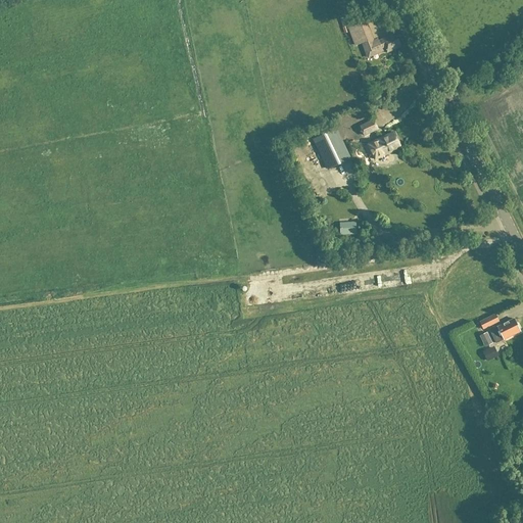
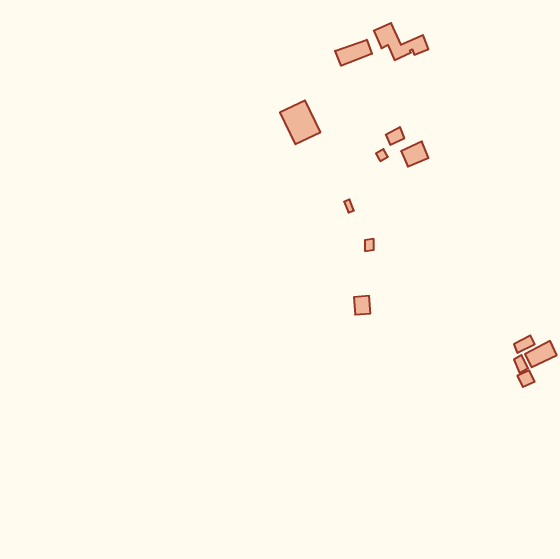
building: none -> [335,40,372,66]
building: [313,128,350,169] -> [280,100,320,144]

